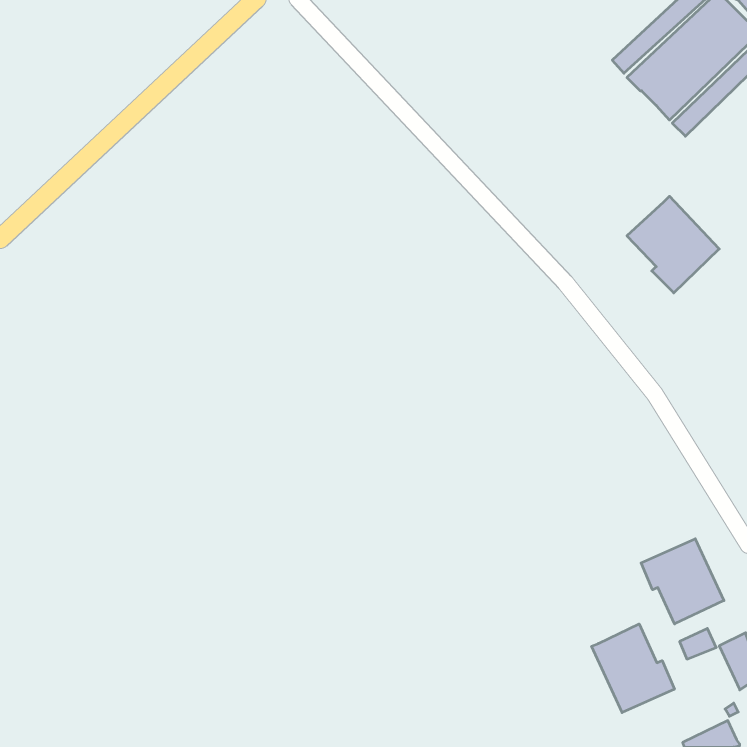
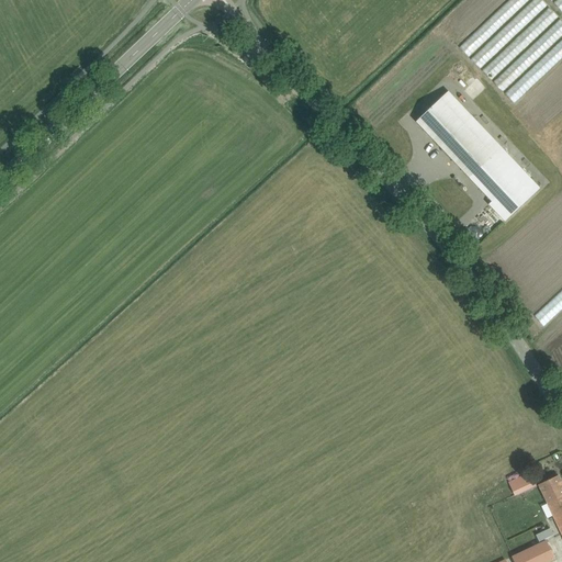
building: none -> [417,90,498,177]
building: [641,539,724,624] -> none
building: [592,624,674,713] -> none

